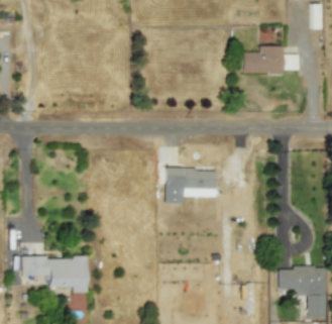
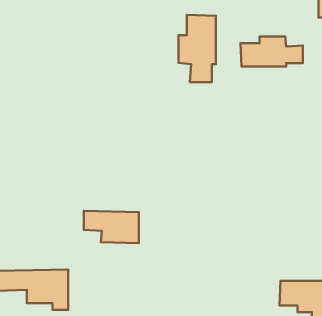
building: none -> [179,15,216,82]
building: [167,169,216,198] -> [84,211,139,243]

